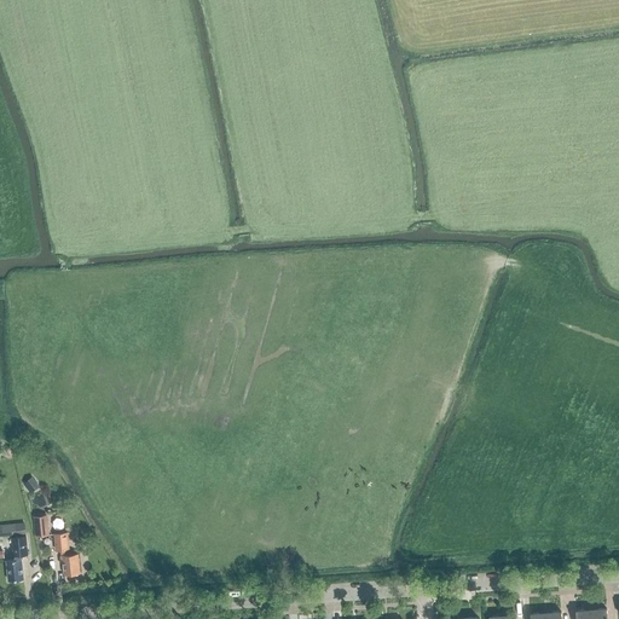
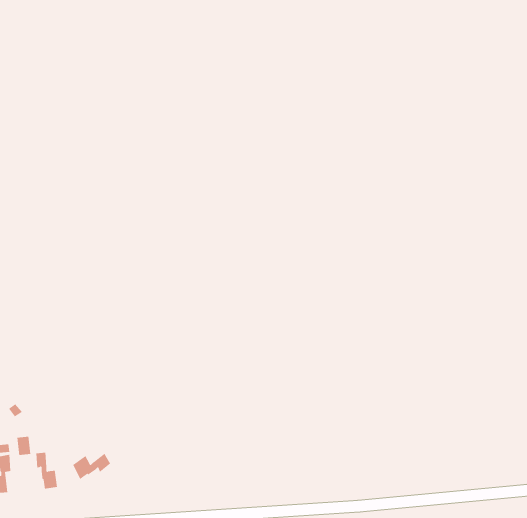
building: none -> [72,453,111,480]

